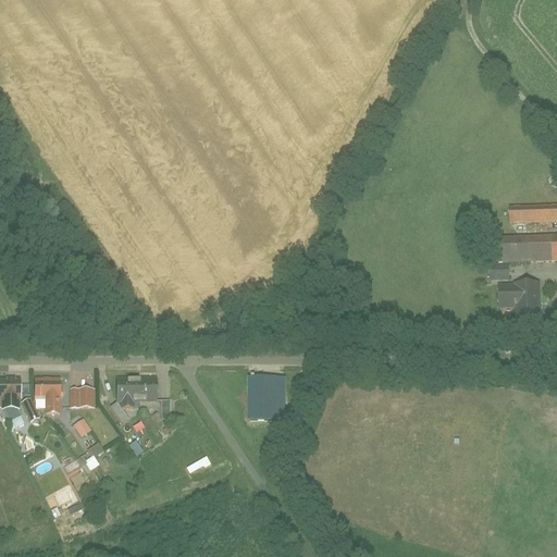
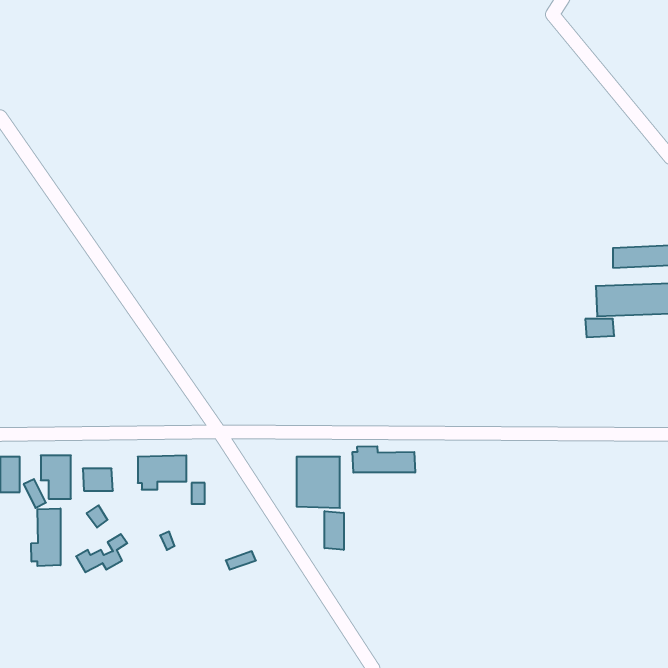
building: [498,283,541,313] -> none
building: none -> [353,446,415,473]
building: none -> [31,508,60,566]
building: none -> [325,511,344,550]

